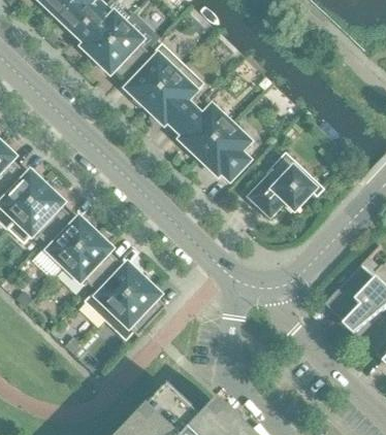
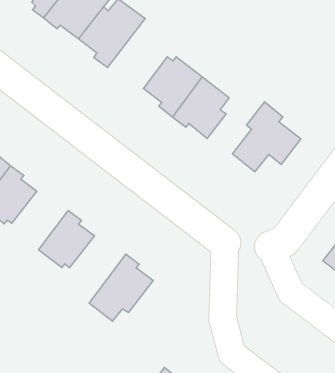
building: [146,66,203,130] -> none
building: [43,213,96,267] -> none
building: [86,260,144,321] -> none

